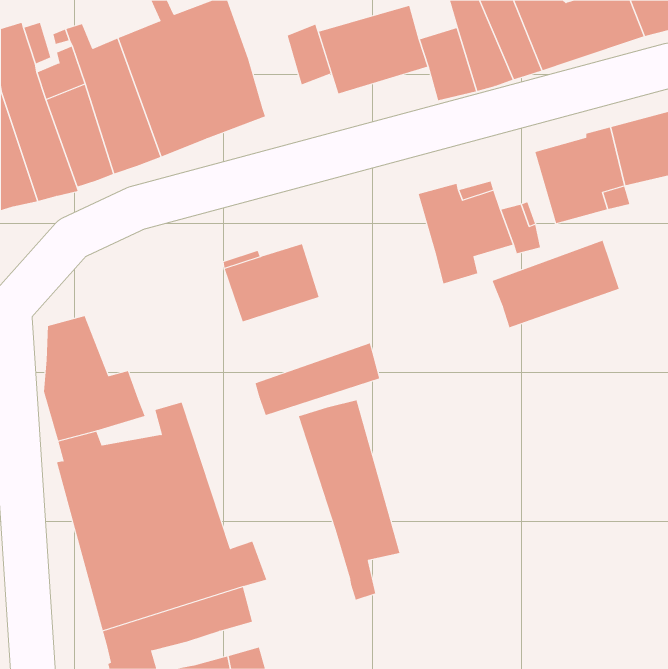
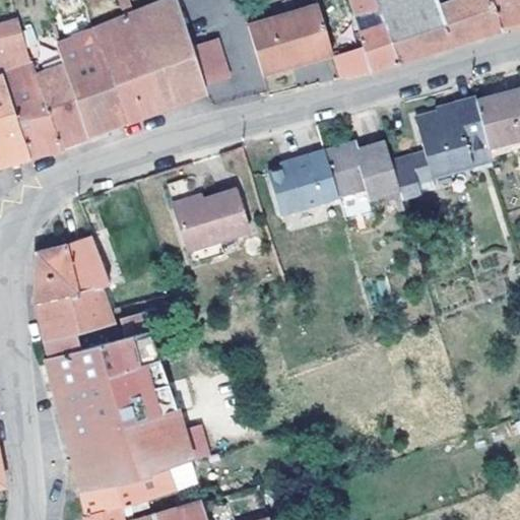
building: [287,24,331,85] -> [194,37,229,84]
building: none -> [268,149,338,212]
building: [492,240,620,328] -> none
building: none -> [67,236,110,291]
building: [255,342,380,416] -> none
building: [298,399,400,601] -> none

